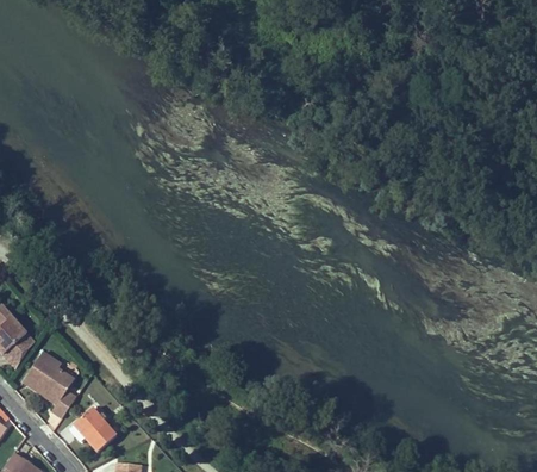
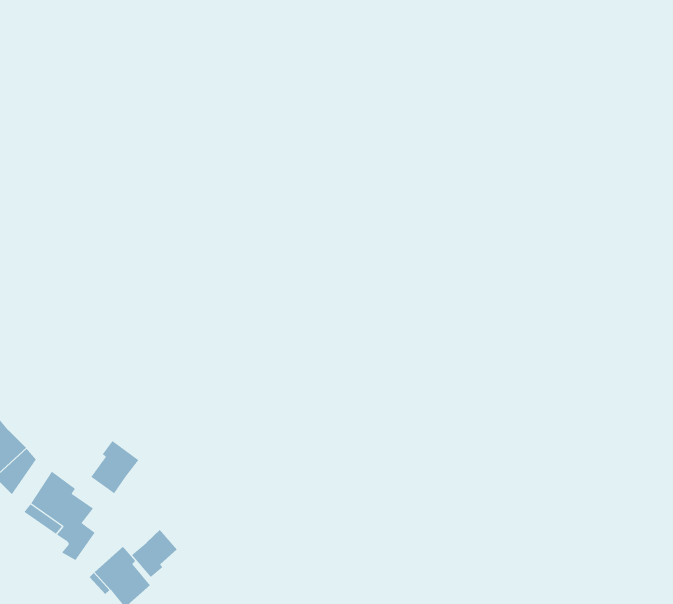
building: none -> [91,440,139,494]
building: none -> [131,529,178,578]

